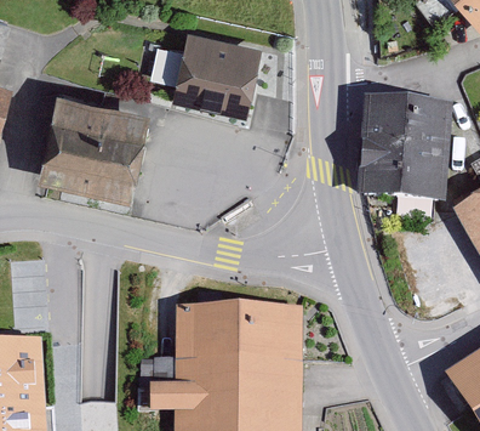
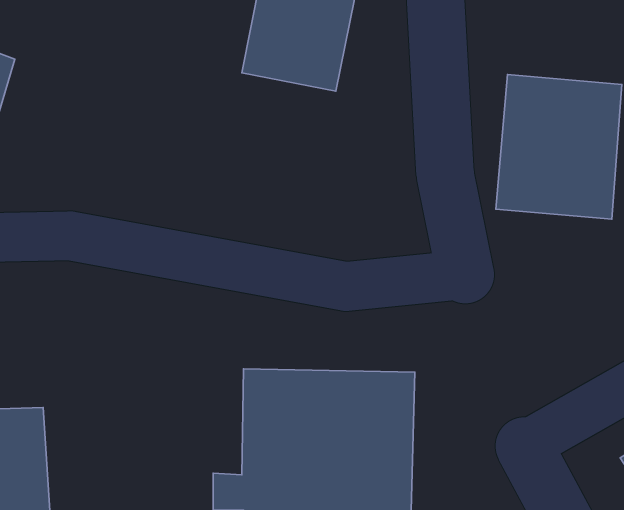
building: [40,83,152,193] -> none

